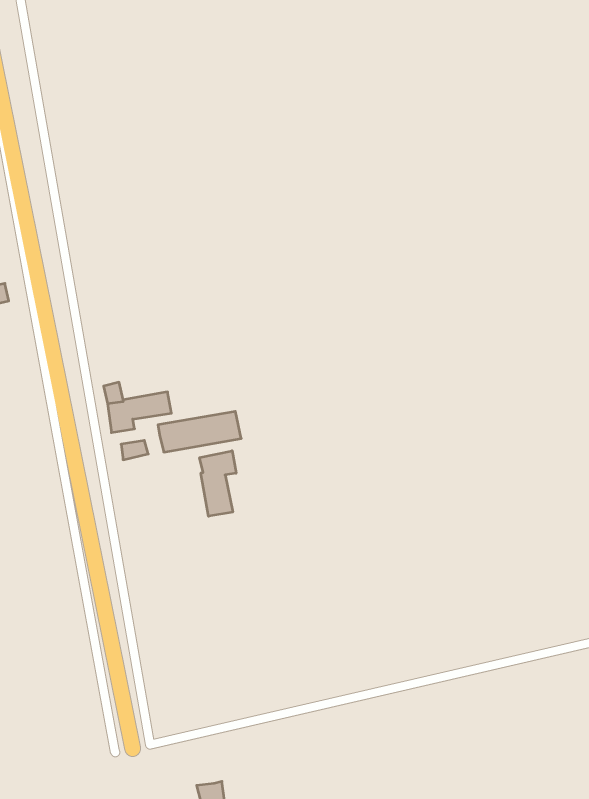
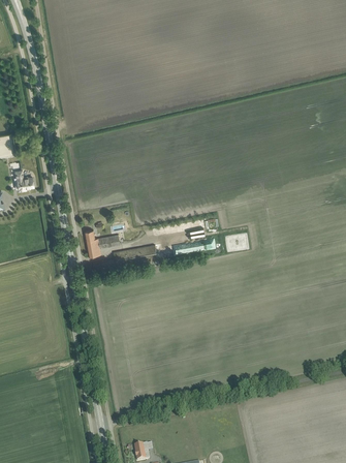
building: [200,451,236,516] -> none

